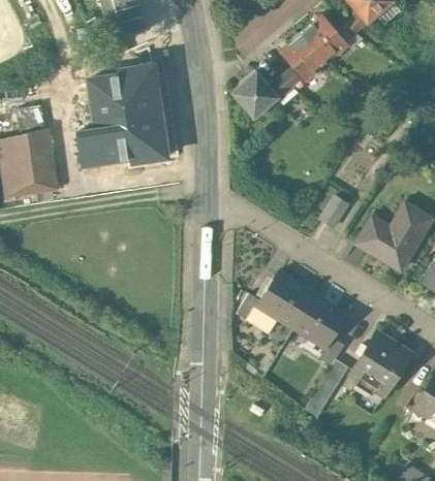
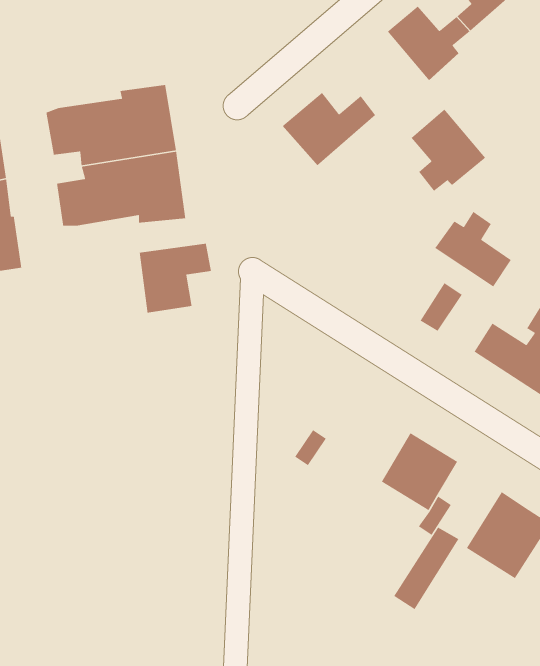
building: [277,31,328,87] -> [410,108,486,192]
building: none -> [434,211,512,288]
building: none -> [139,243,212,313]
building: [258,276,315,331] -> none

